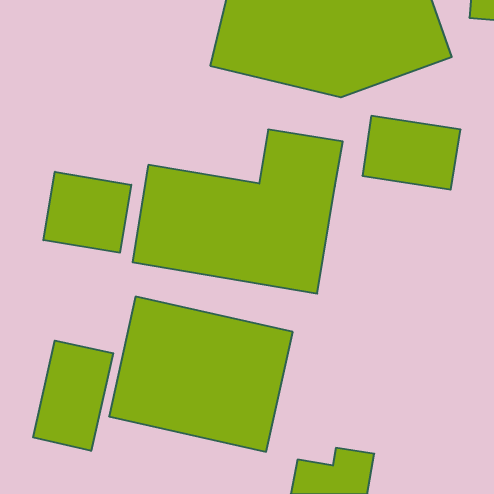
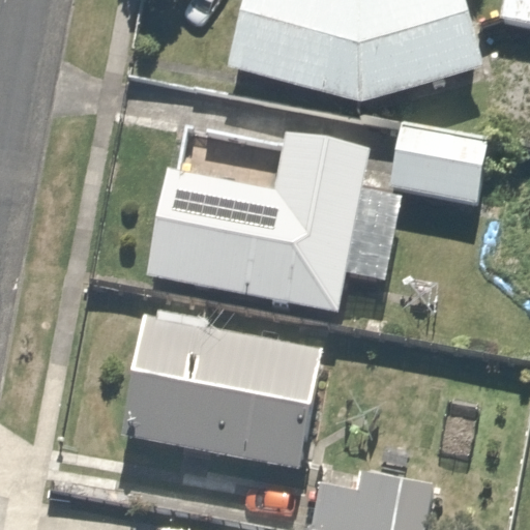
building: [43,172,131,253] -> none
building: [33,341,113,451] -> none

